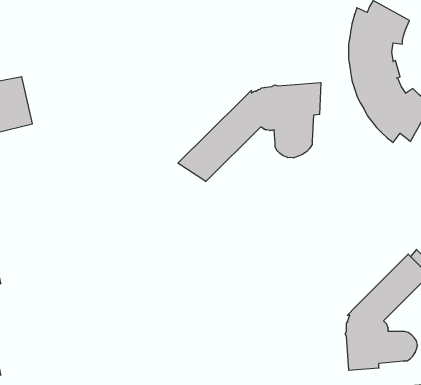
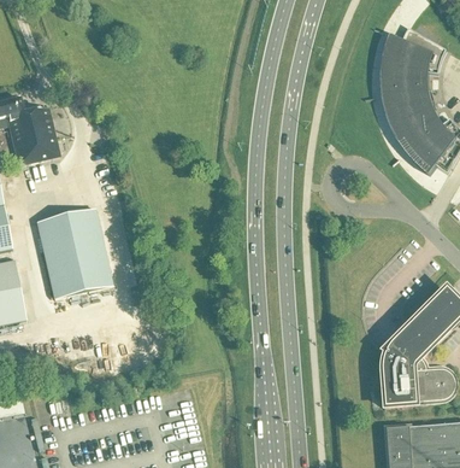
building: [178,83,321,182] -> none
building: none -> [36,209,112,299]

